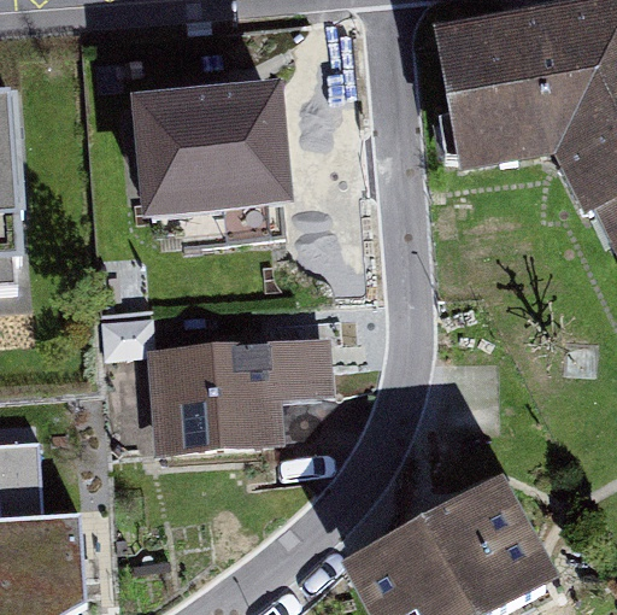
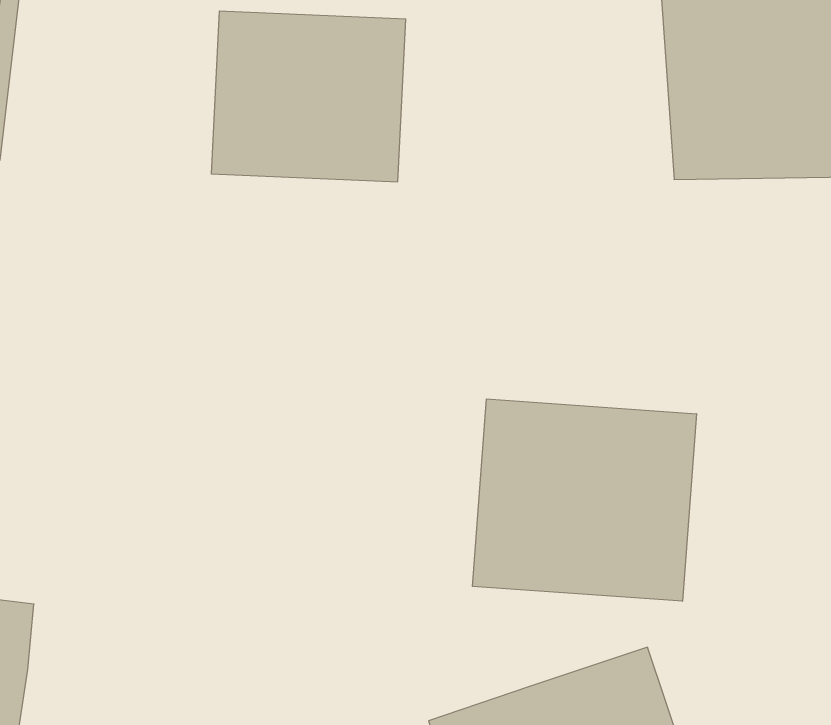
building: none -> [472,399,697,601]
building: [157,336,322,445] -> none

